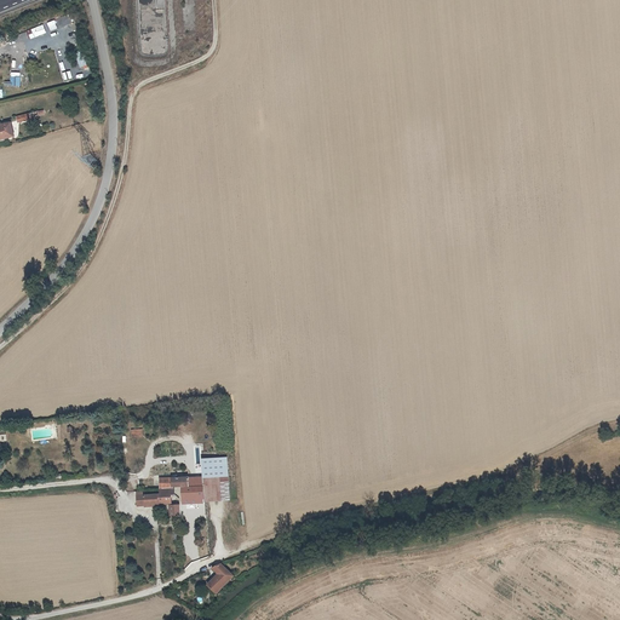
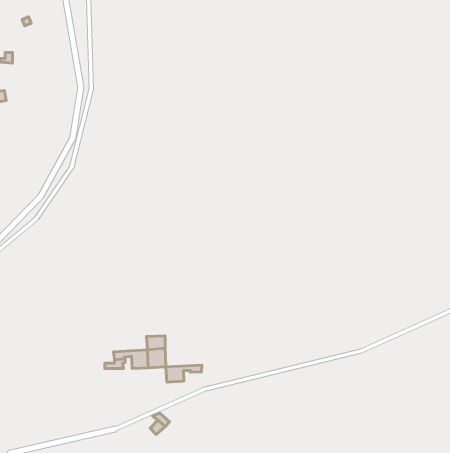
building: none -> [166,365,202,382]

